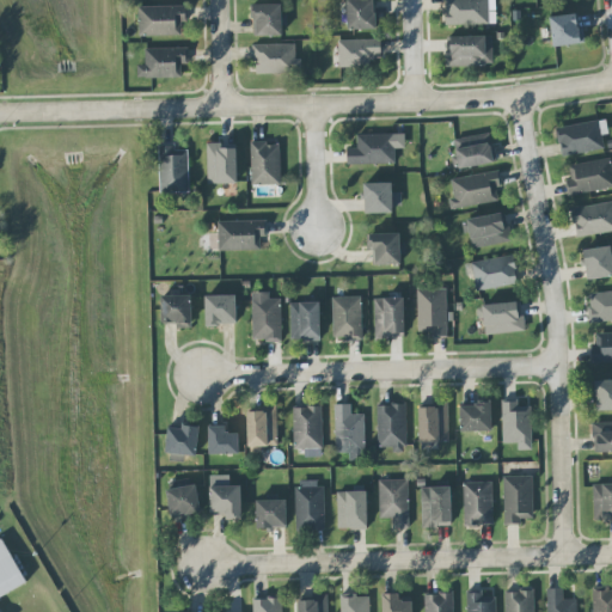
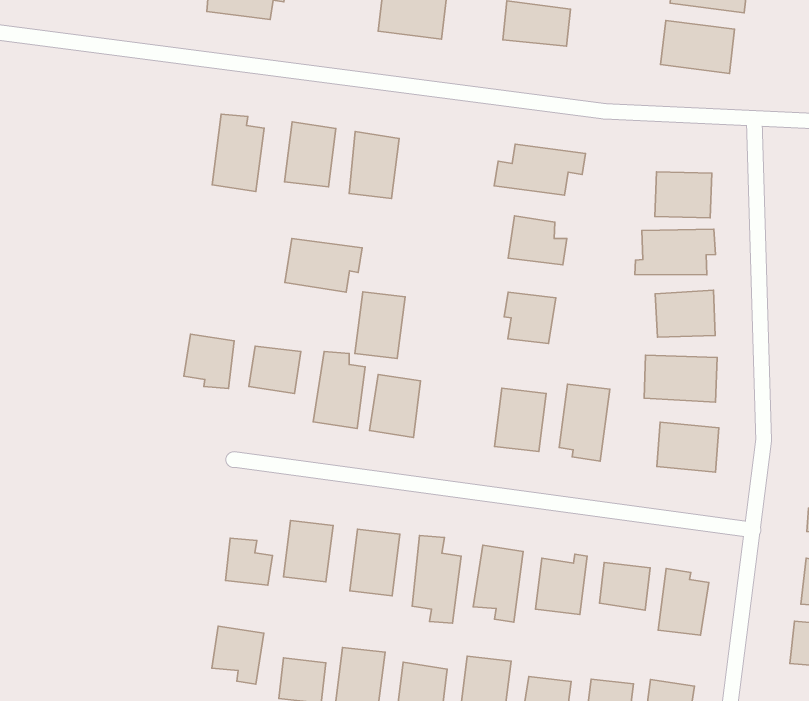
building: [332,295,362,338] -> [355,292,405,358]
building: [166,423,200,455] -> none
building: [166,484,201,516] -> none

